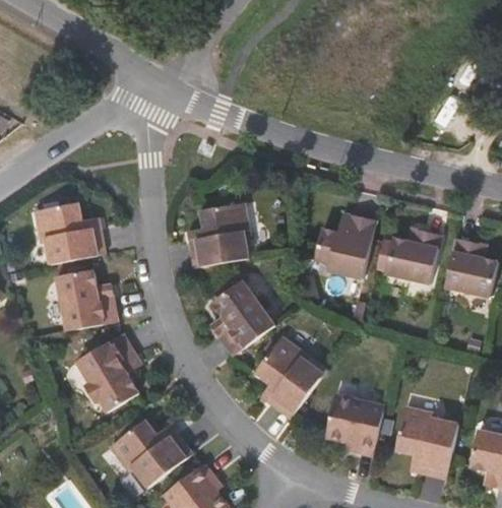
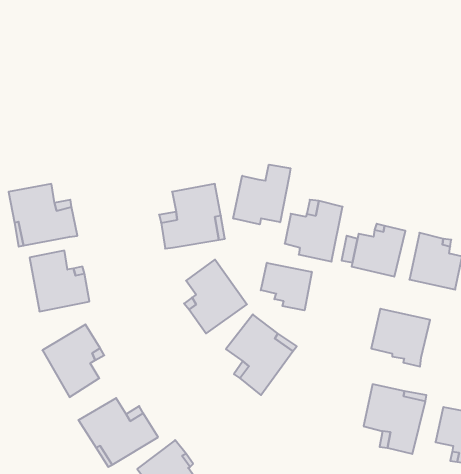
building: none -> [233,165,290,224]
building: none -> [261,263,312,310]
building: [325,394,385,453] -> [371,309,430,367]

